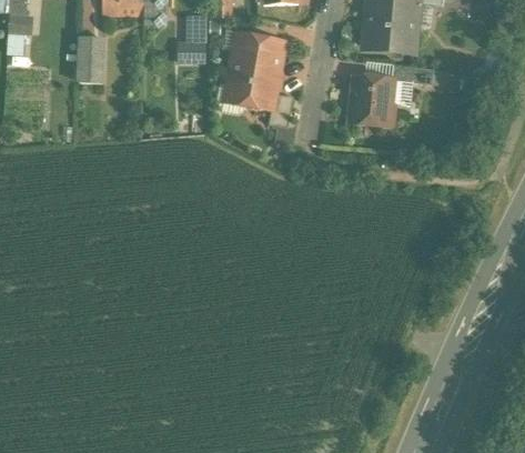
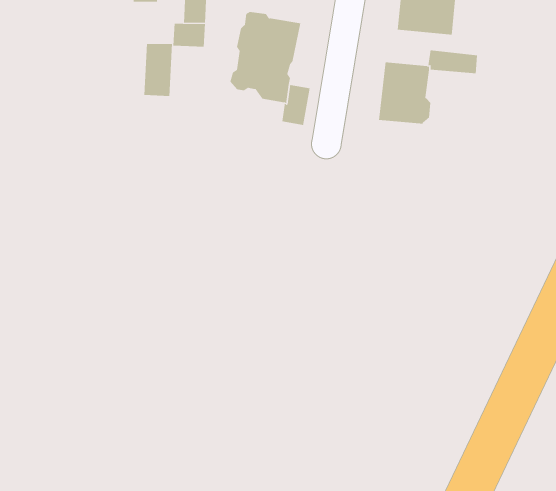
building: [79,38,103,82] -> [143,44,173,97]

